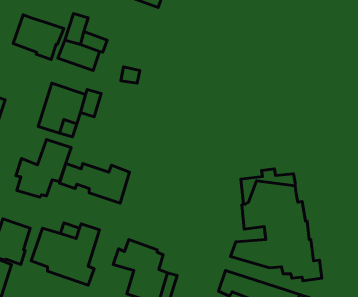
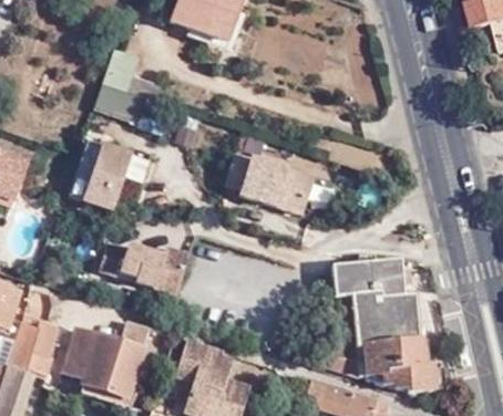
building: [13,15,64,60] -> none
building: none -> [225,153,314,215]
building: [16,139,71,197] -> none

